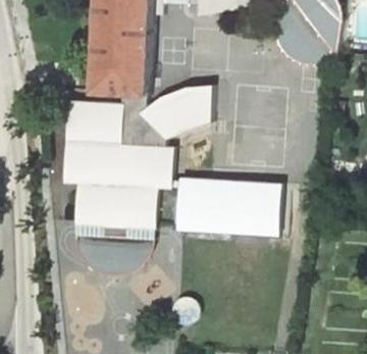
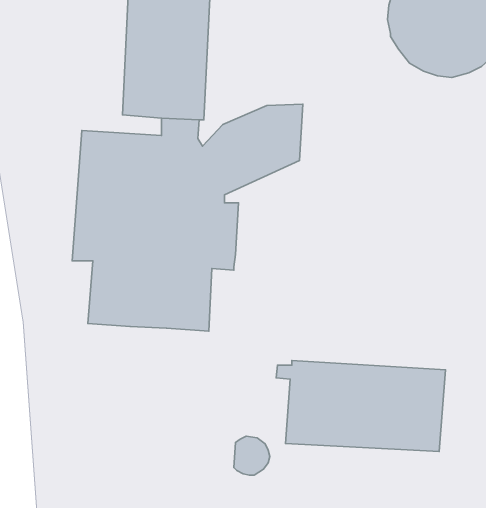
building: [167,180,277,239] -> [276,361,445,451]
building: [72,230,150,281] -> none

